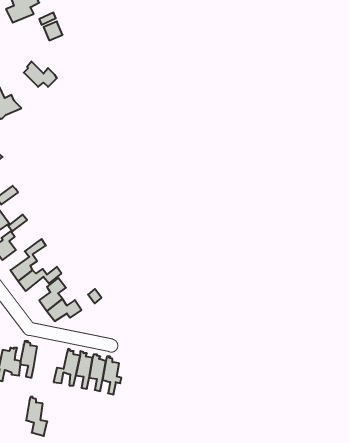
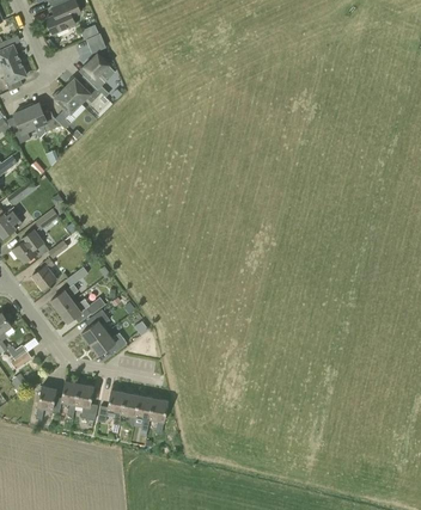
building: none -> [84,54,110,100]
building: none -> [50,87,79,129]
building: [26,397,47,436] -> [74,379,97,420]

